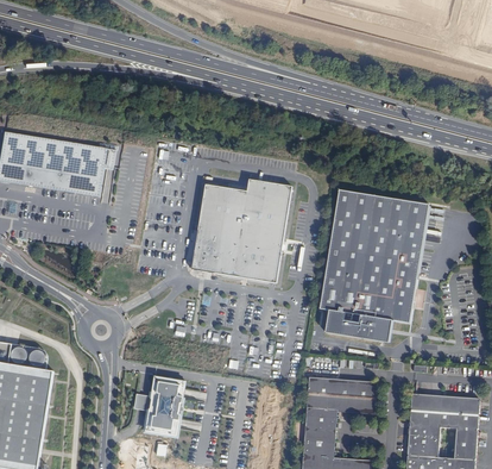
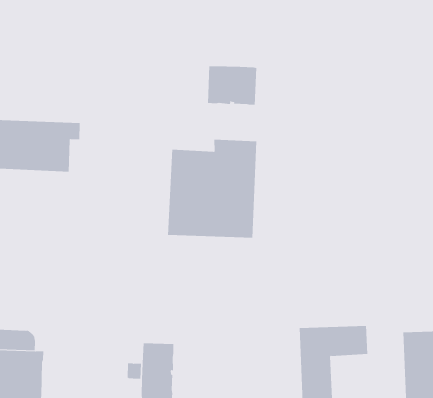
building: none -> [207,66,257,106]
building: [318,188,428,342] -> none

